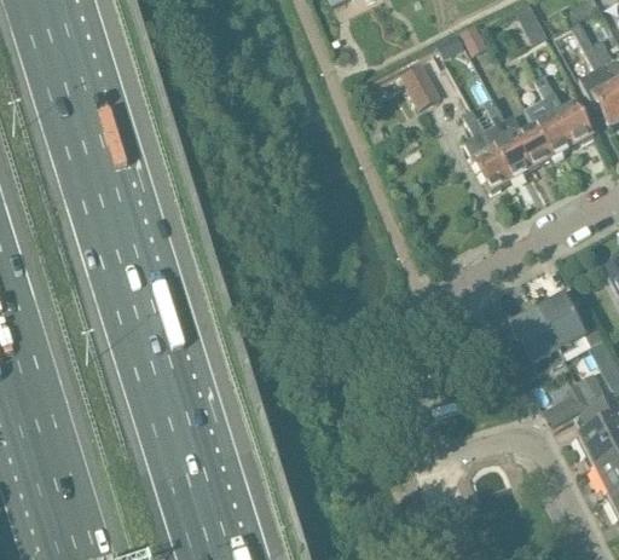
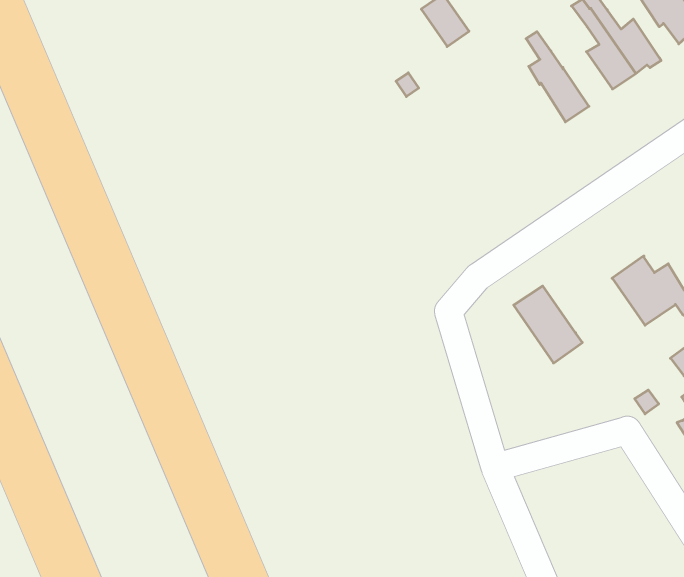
building: [463,108,510,191] -> none
building: [505,111,551,166] -> none
building: [510,308,563,373] -> [514,286,582,363]

